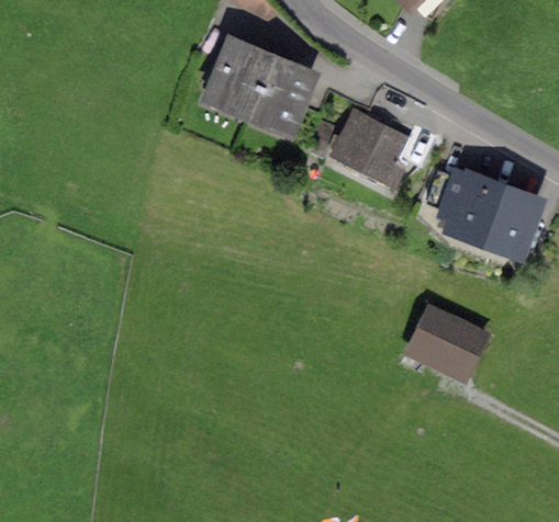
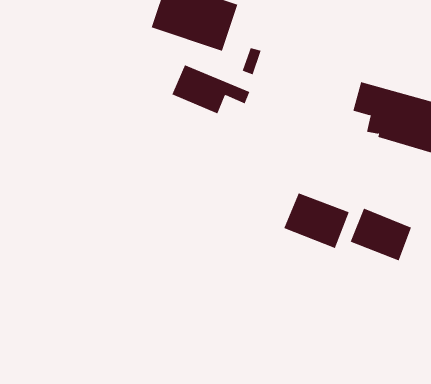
building: [340,116,427,173] -> [171,65,250,114]
building: none -> [284,192,350,249]

